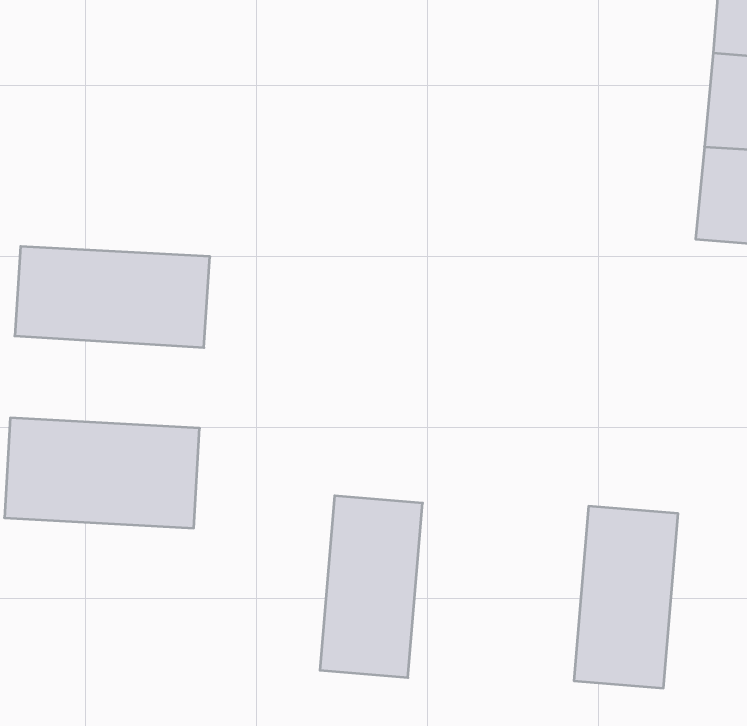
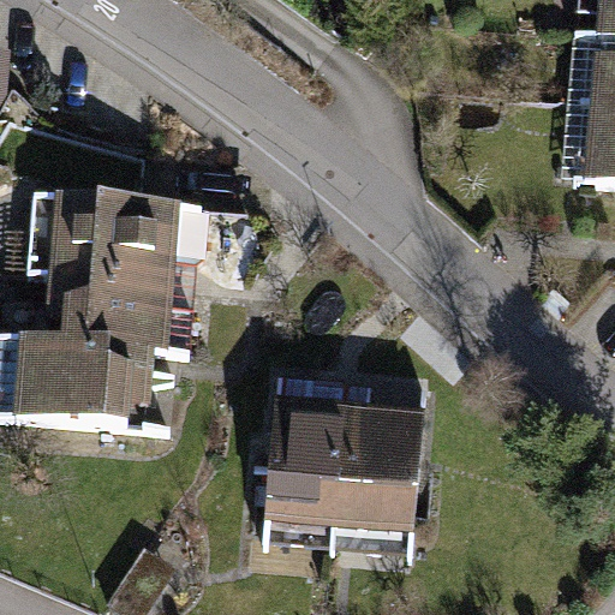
building: none -> [11,275,169,351]
building: [574,506,678,688] -> [336,412,422,561]

